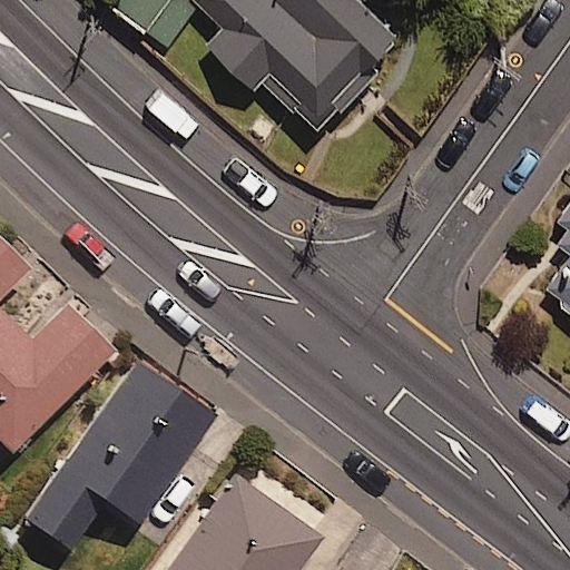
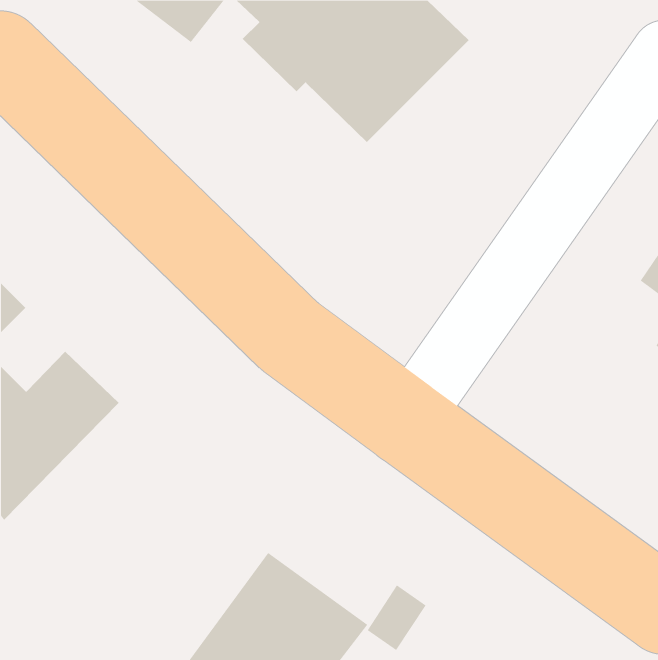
building: [26,361,214,549] -> none

